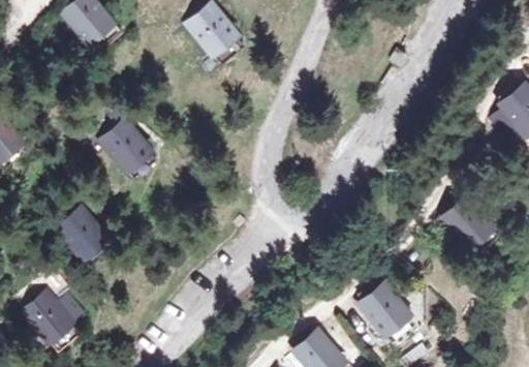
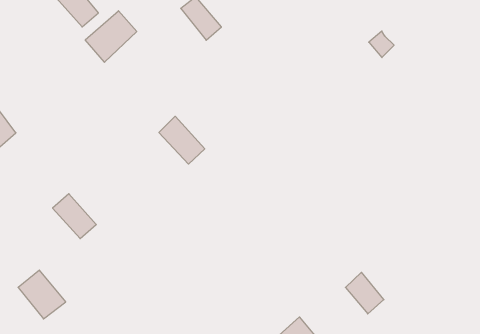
building: none -> [85,11,137,62]
building: [105,122,152,171] -> [159,116,205,164]
building: [441,203,488,250] -> none

